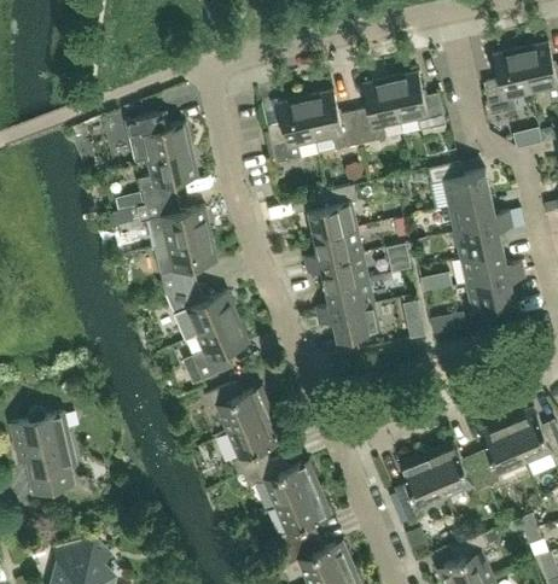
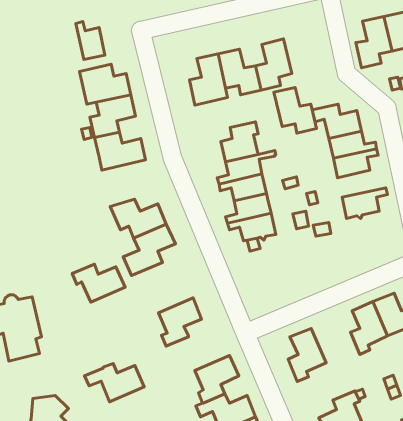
building: none -> [76,22,105,59]
building: [390,72,446,132] -> [274,87,317,133]
building: [155,235,217,296] -> none
building: [460,249,523,284] -> none
building: [204,384,273,433] -> [72,264,125,302]
building: [426,442,489,498] -> none
building: [243,459,320,508] -> [84,364,144,402]

